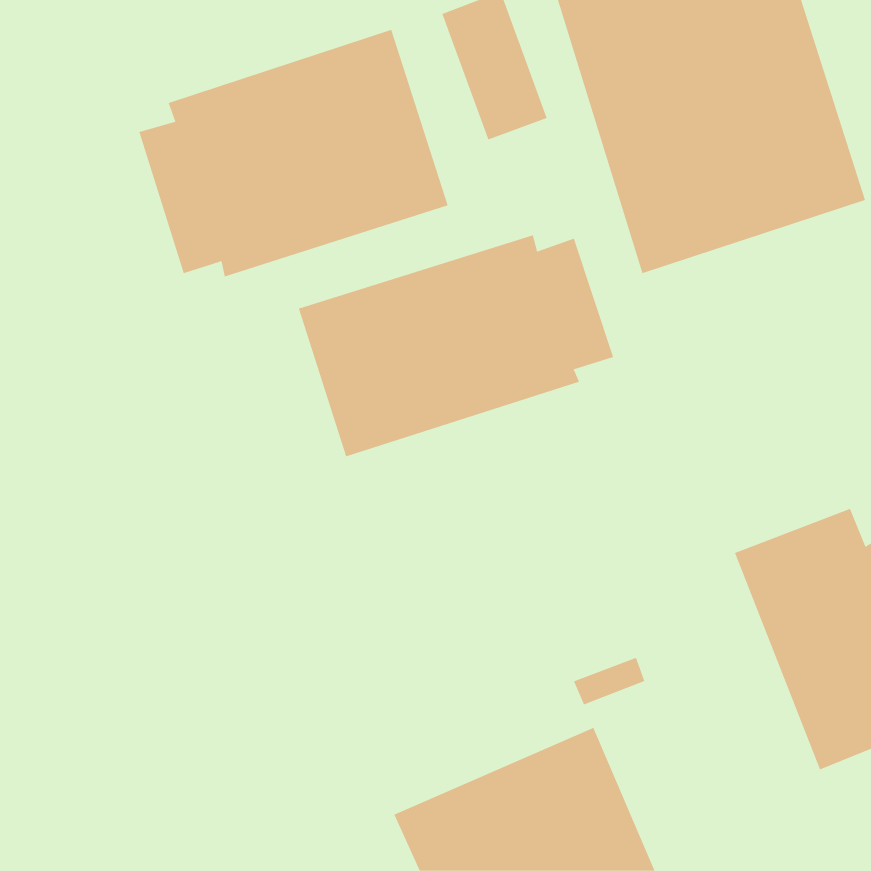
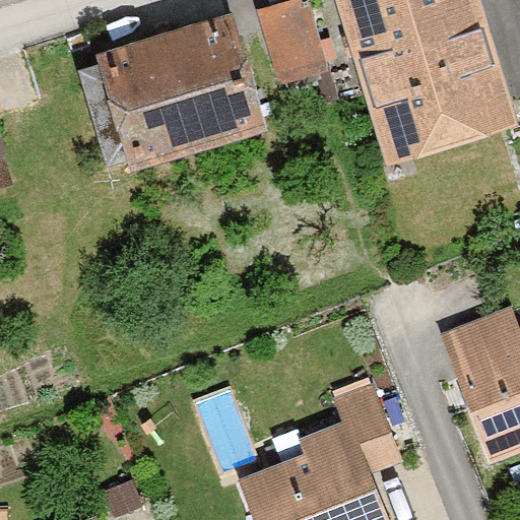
building: [298,234,614,457] -> none

